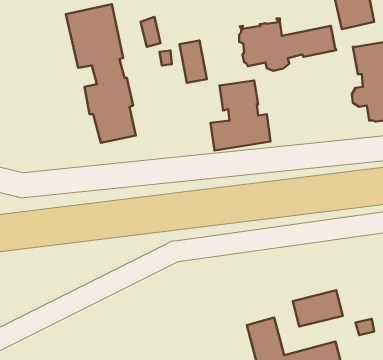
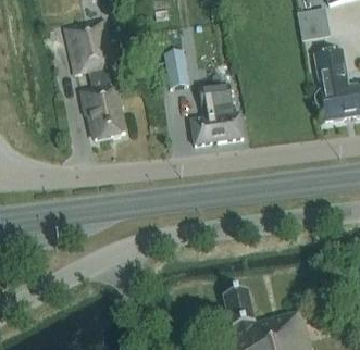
building: [239,19,336,71] -> none
building: [293,290,343,327] -> none

